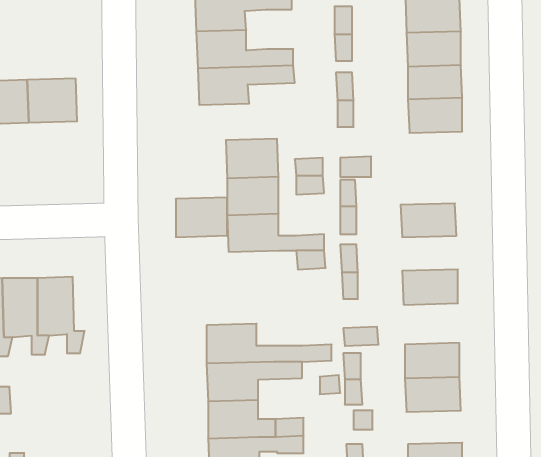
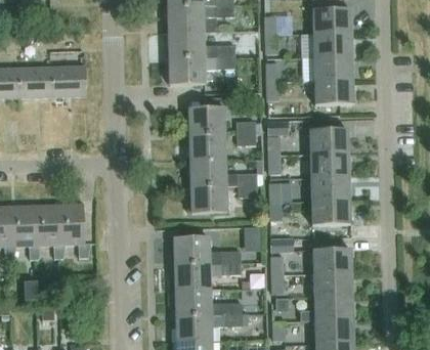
building: none -> [309,129,348,154]
building: [176,197,227,237] -> [190,185,226,213]
building: none -> [311,175,350,200]
building: none -> [301,297,353,320]

